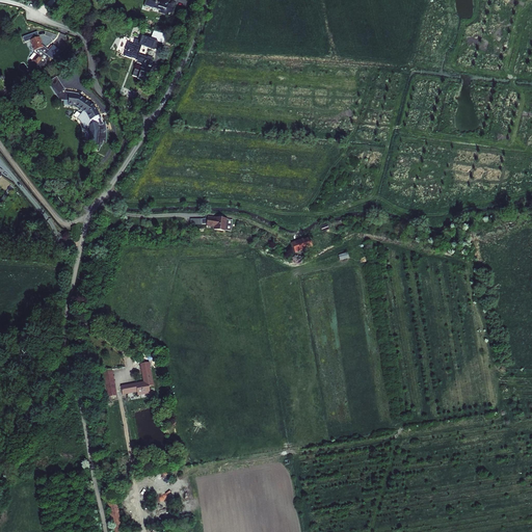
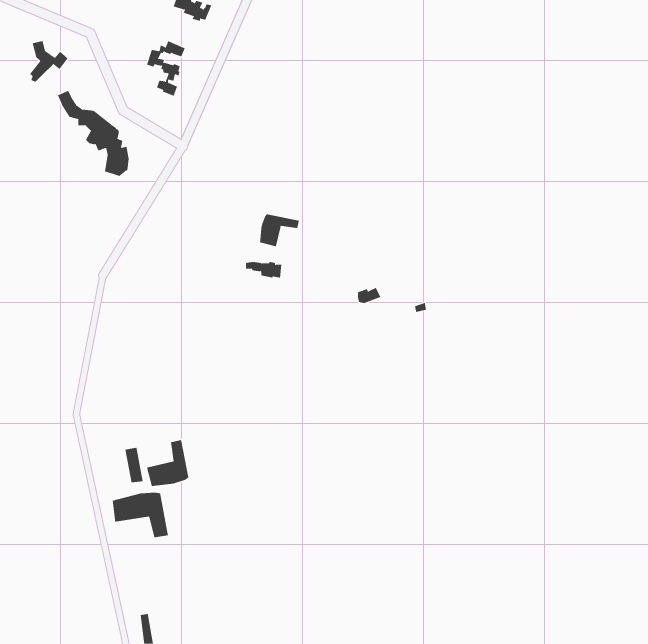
building: none -> [260,213,300,247]
building: none -> [112,492,169,538]

